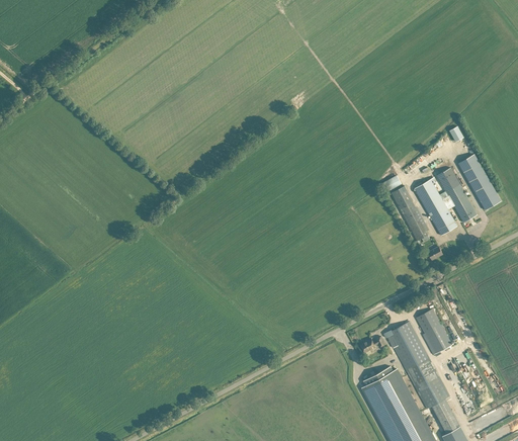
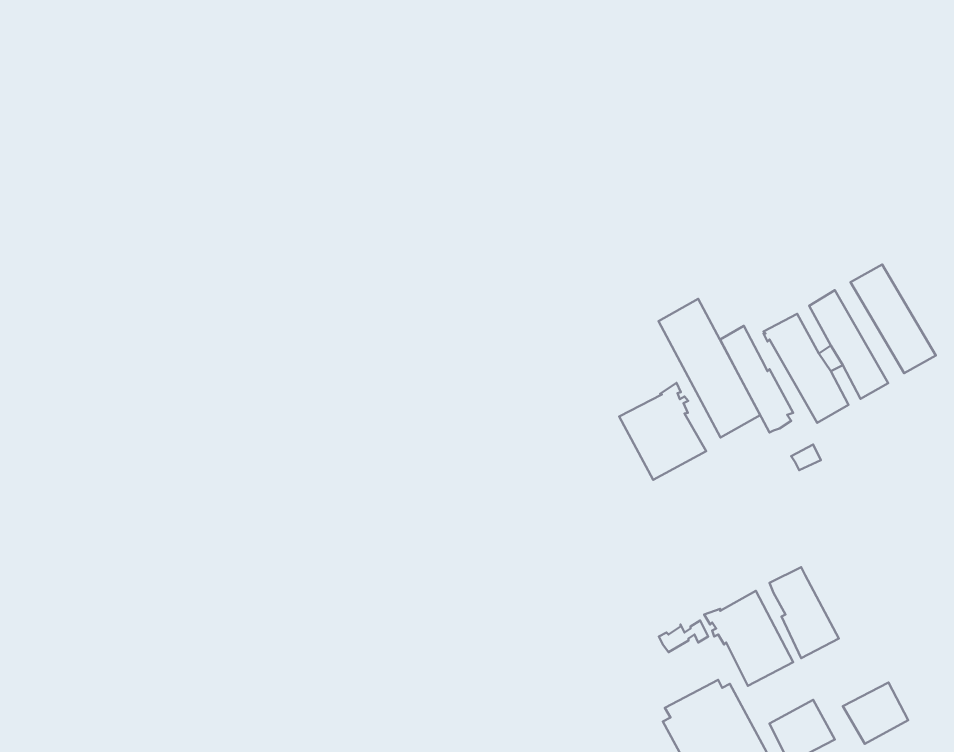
building: none -> [658,299,760,437]
building: none -> [619,383,706,480]
building: [405,357,438,388] -> [843,683,908,744]

